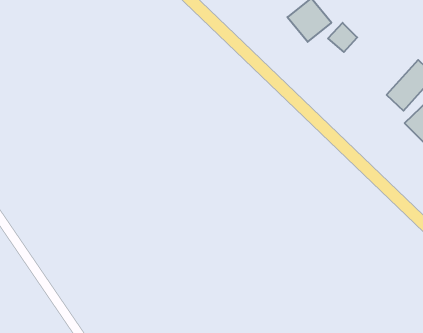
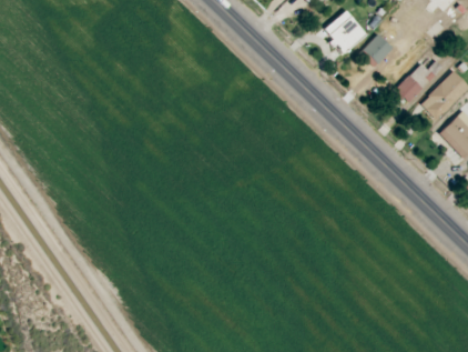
building: none -> [396,60,442,101]

